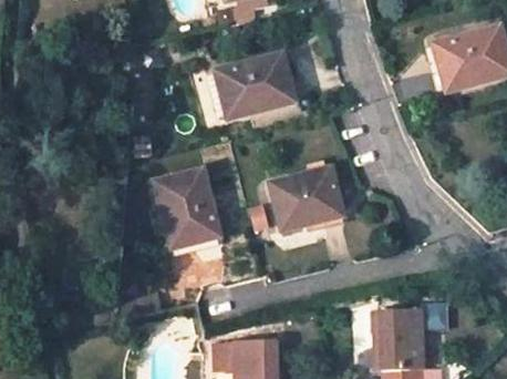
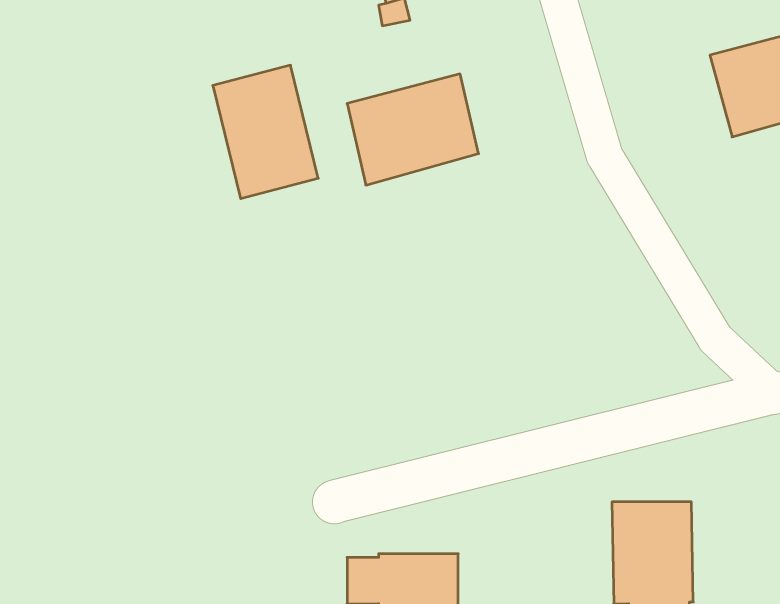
building: [155,170,218,249] -> [213,65,318,199]
building: [269,170,341,232] -> none

